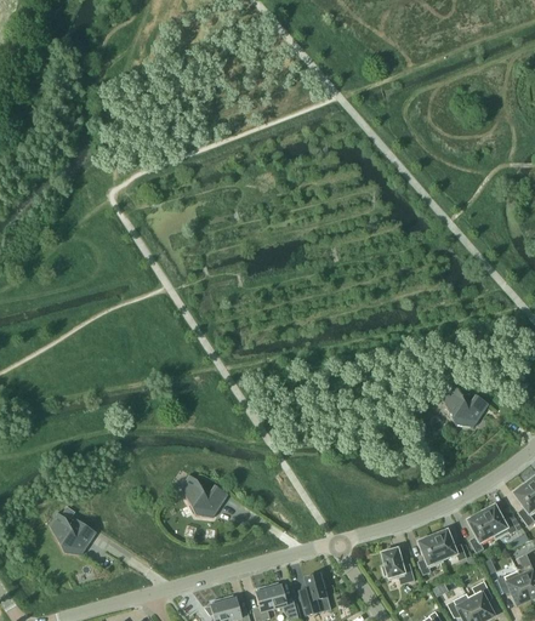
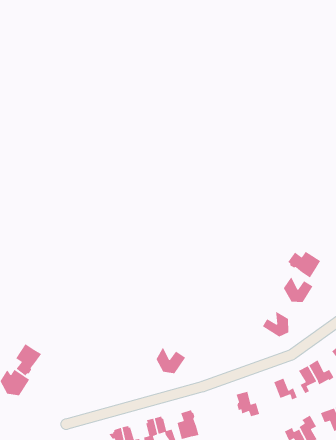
building: none -> [287,251,321,279]
building: none -> [262,306,289,337]
building: [186,473,228,517] -> [156,342,186,374]
building: none -> [15,343,42,376]
building: [416,535,443,574] -> none

